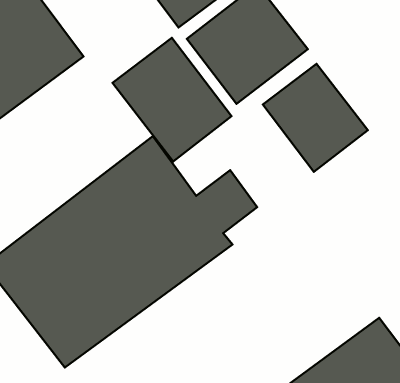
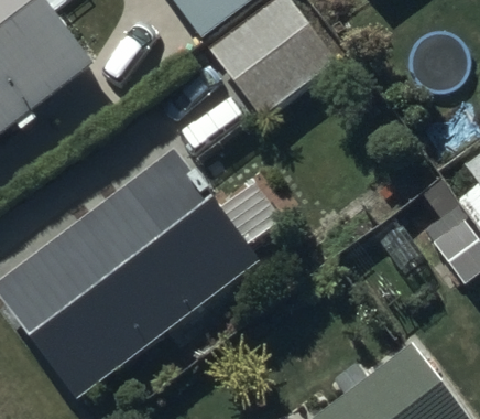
building: [113,38,231,162] -> none
building: [263,64,368,172] -> none

